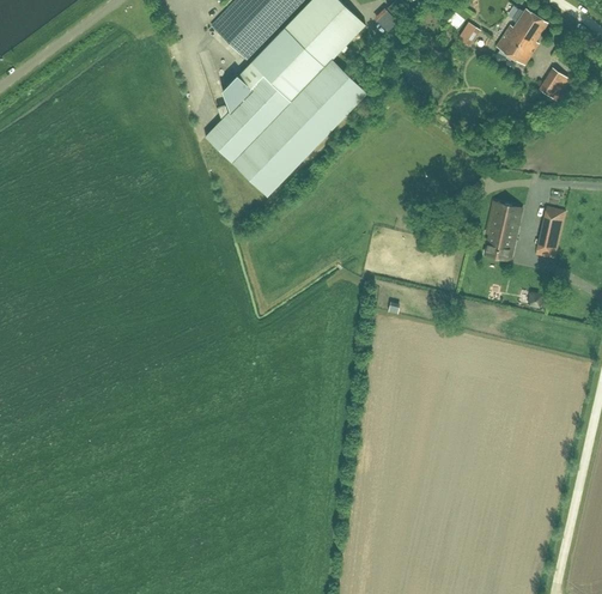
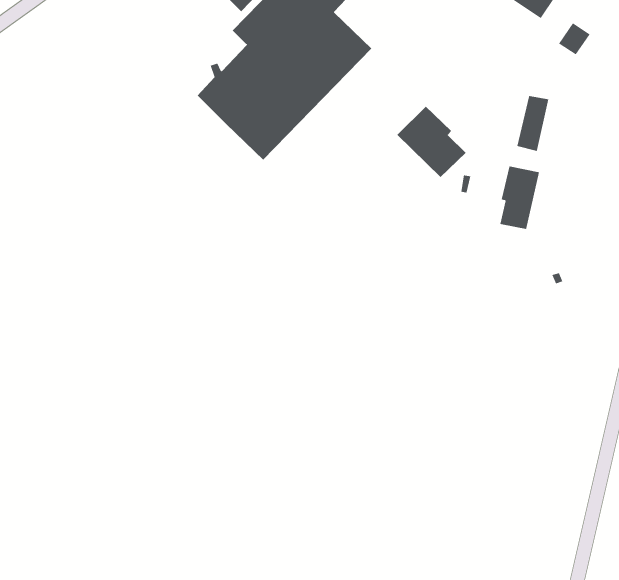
building: none -> [397,106,466,178]
building: [536,205,566,256] -> [517,95,549,151]

